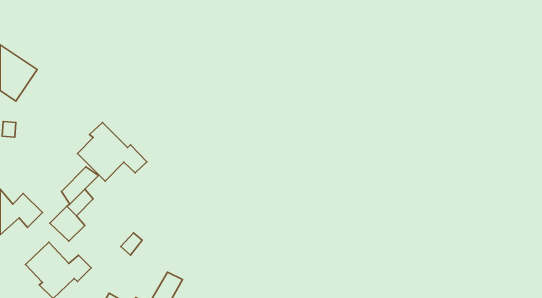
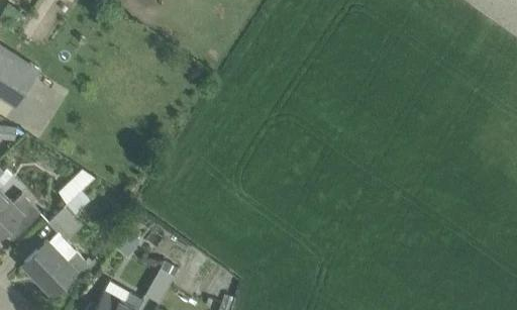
building: [77,122,147,181] -> none

